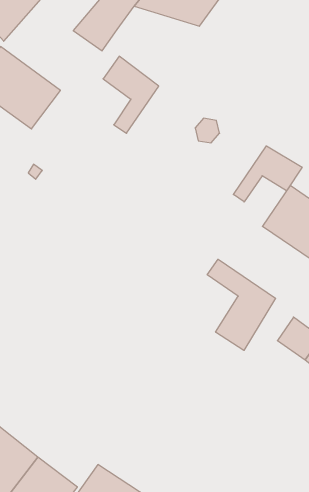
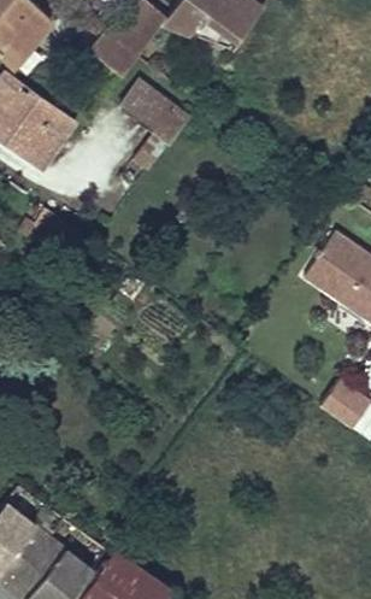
building: [233,146,302,202] -> none
building: [207,259,276,350] -> none

